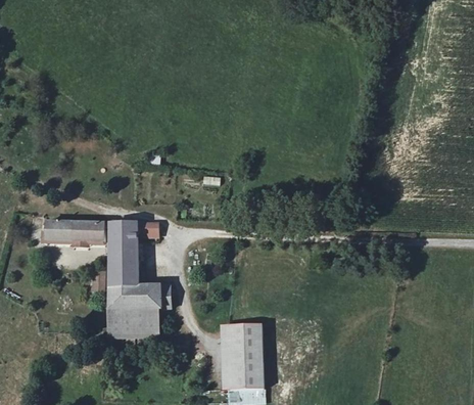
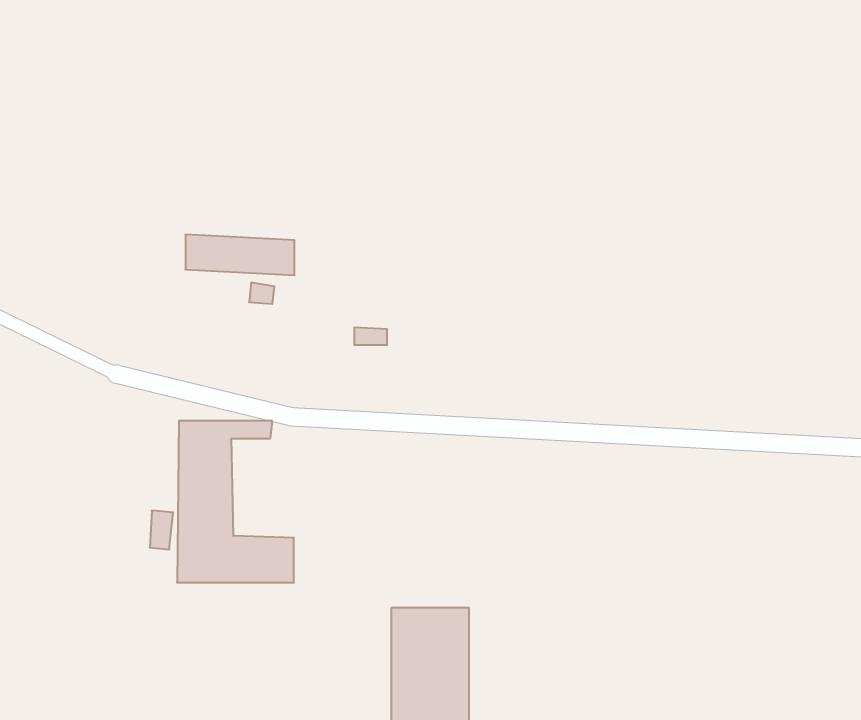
building: [47,222,104,243] -> [185,234,295,275]
building: [108,310,157,336] -> none

